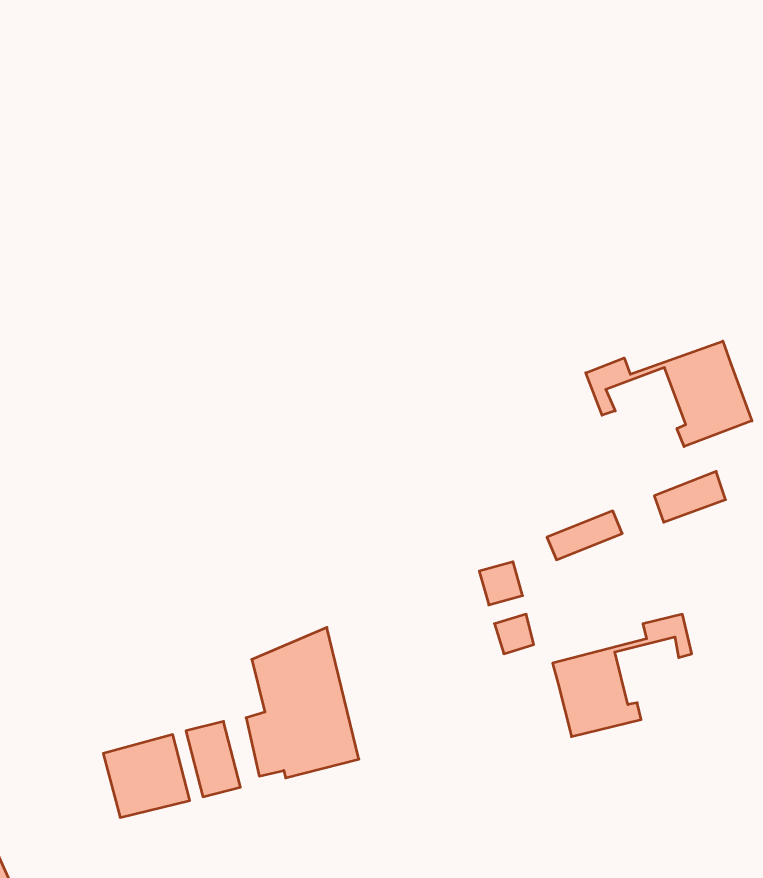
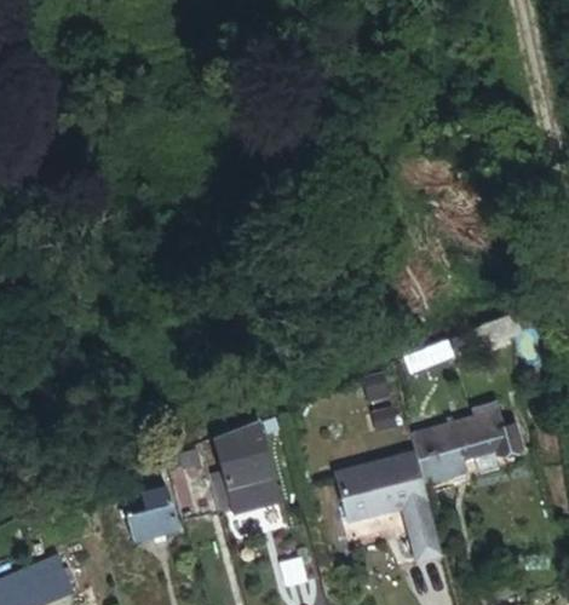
building: [586,341,752,447] -> none
building: none -> [449,421,519,465]
building: none -> [335,451,438,560]

